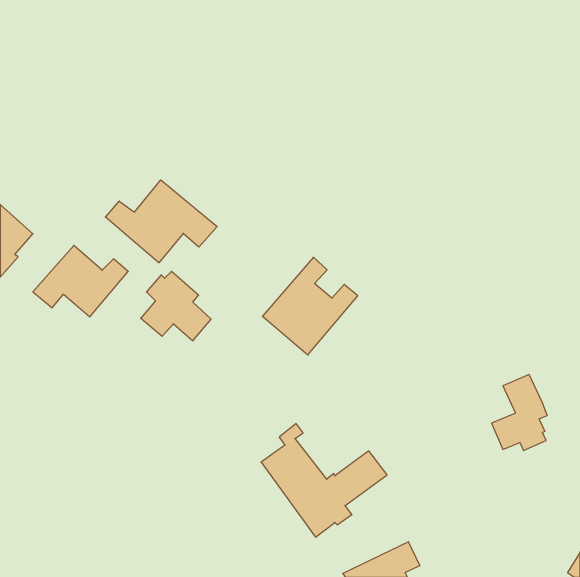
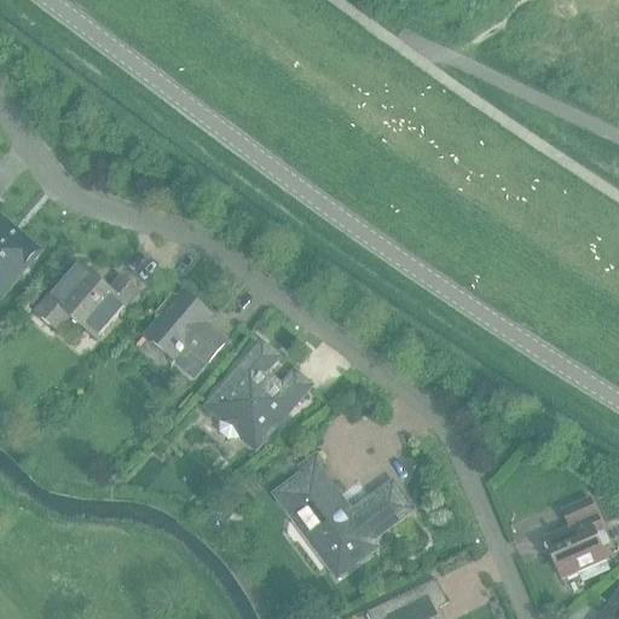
building: [105,180,217,263] -> none
building: [262,257,358,355] -> [207,342,308,446]
building: [492,374,547,451] -> [549,497,608,578]

